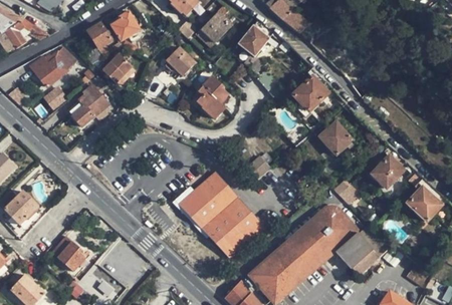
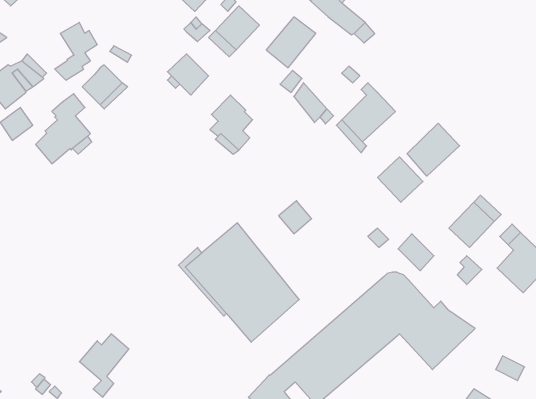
building: [111,11,140,41] -> none
building: none -> [407,123,460,176]
building: [52,236,84,270] -> none

